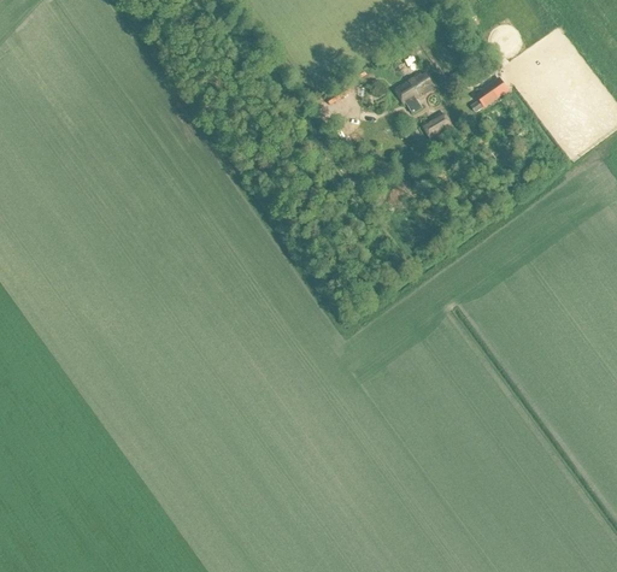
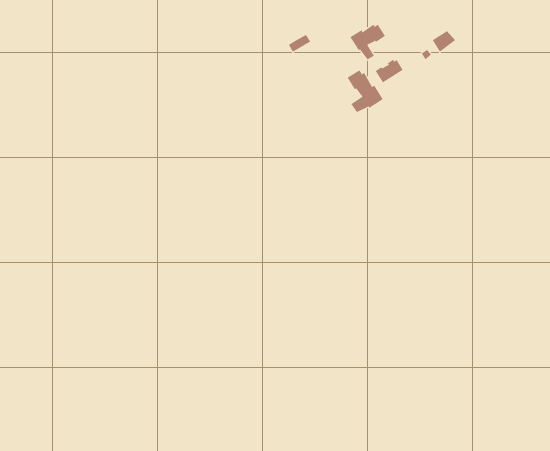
building: none -> [347,69,384,113]

